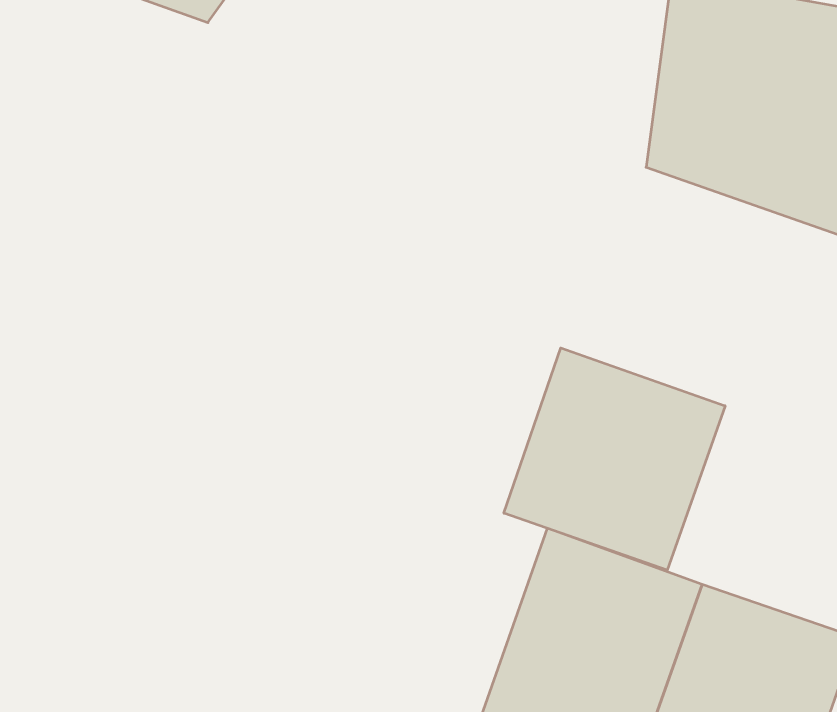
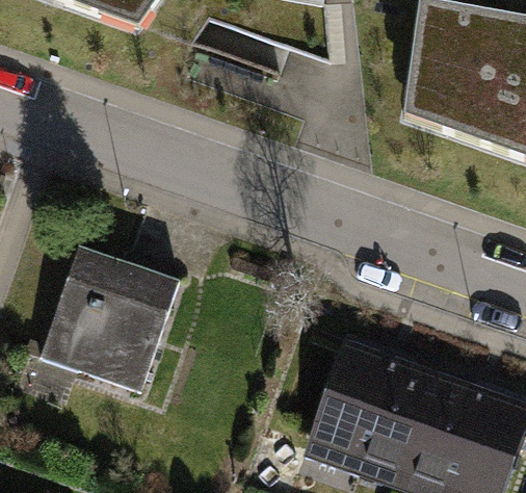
building: [504,348,725,570] -> none
building: none -> [41,244,181,390]

